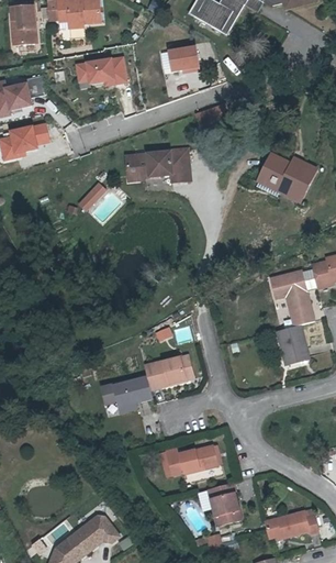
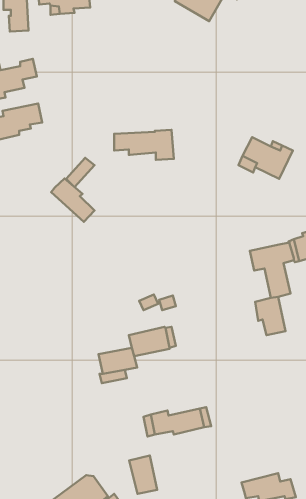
building: [167,45,201,73] -> none
building: [76,54,128,86] -> none
building: none -> [51,178,95,222]
building: [208,485,237,526] -> [129,455,157,494]

